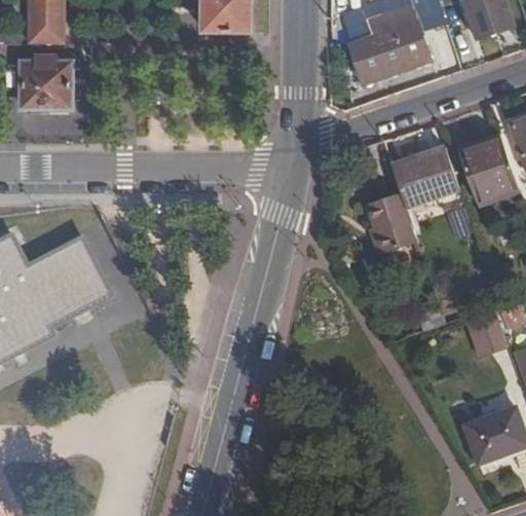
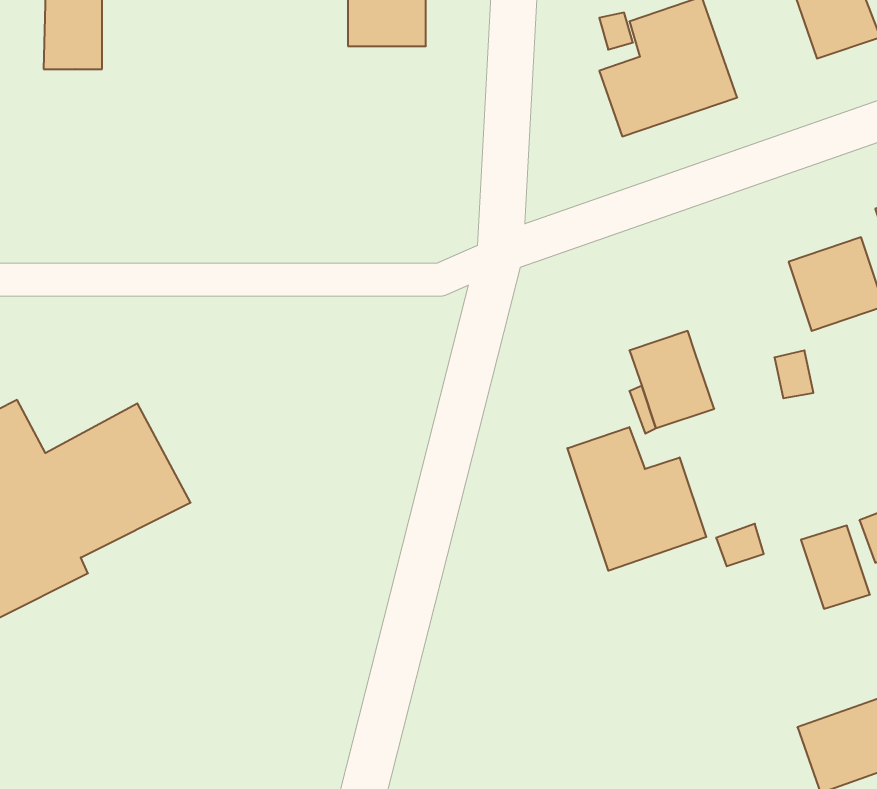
building: [25,57,71,105] -> none
building: [390,149,457,208] -> none
building: none -> [567,427,706,571]

